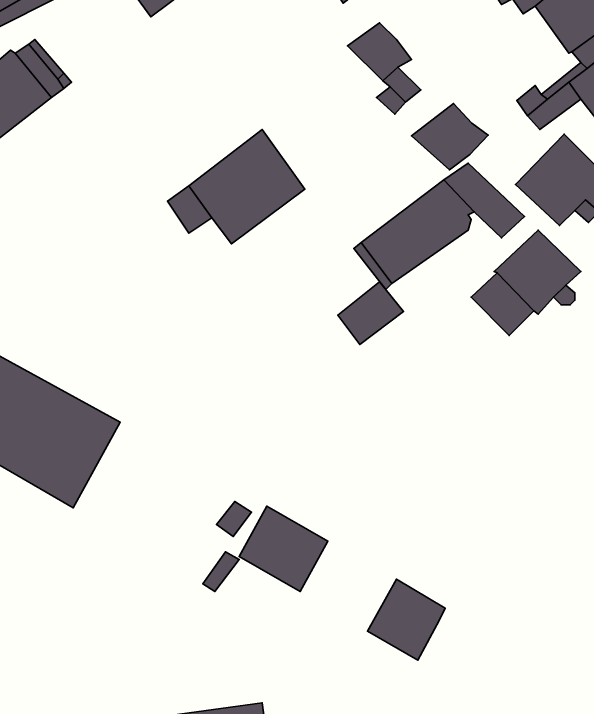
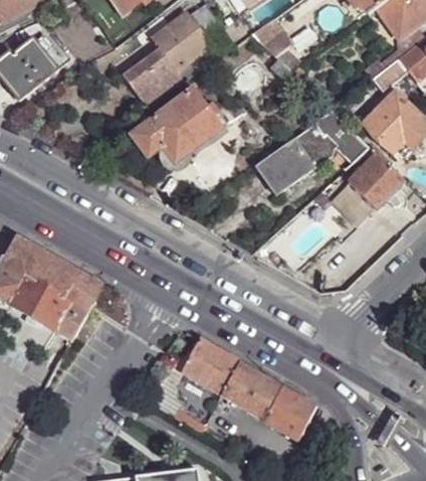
building: none -> [123,13,231,108]
building: [412,104,488,170] -> none
building: [338,282,403,344] -> none
building: none -> [220,360,283,420]

